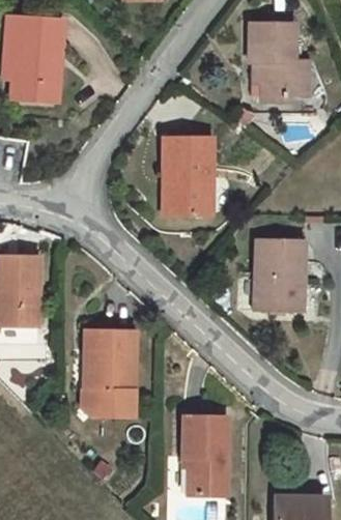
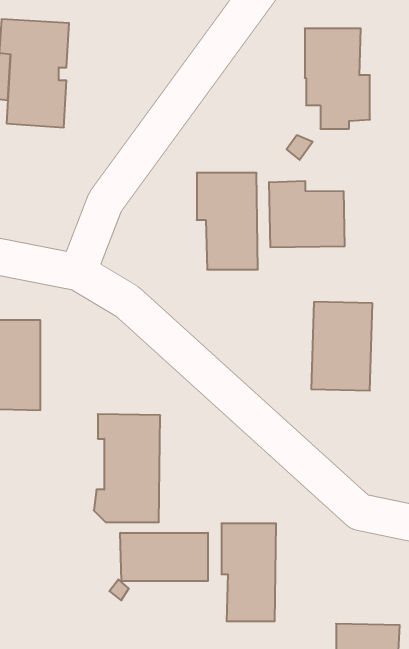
building: none -> [269,181,345,247]
building: none -> [120,533,208,581]

